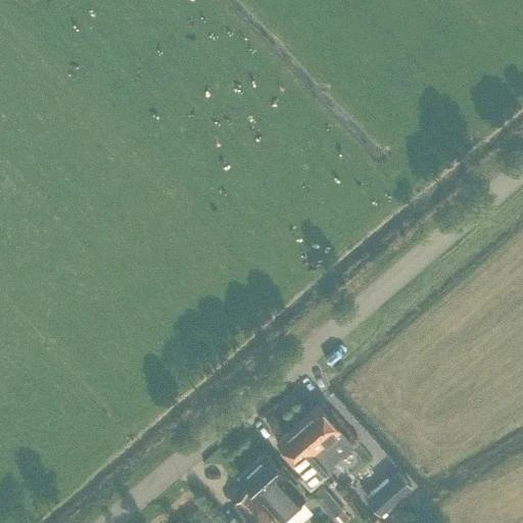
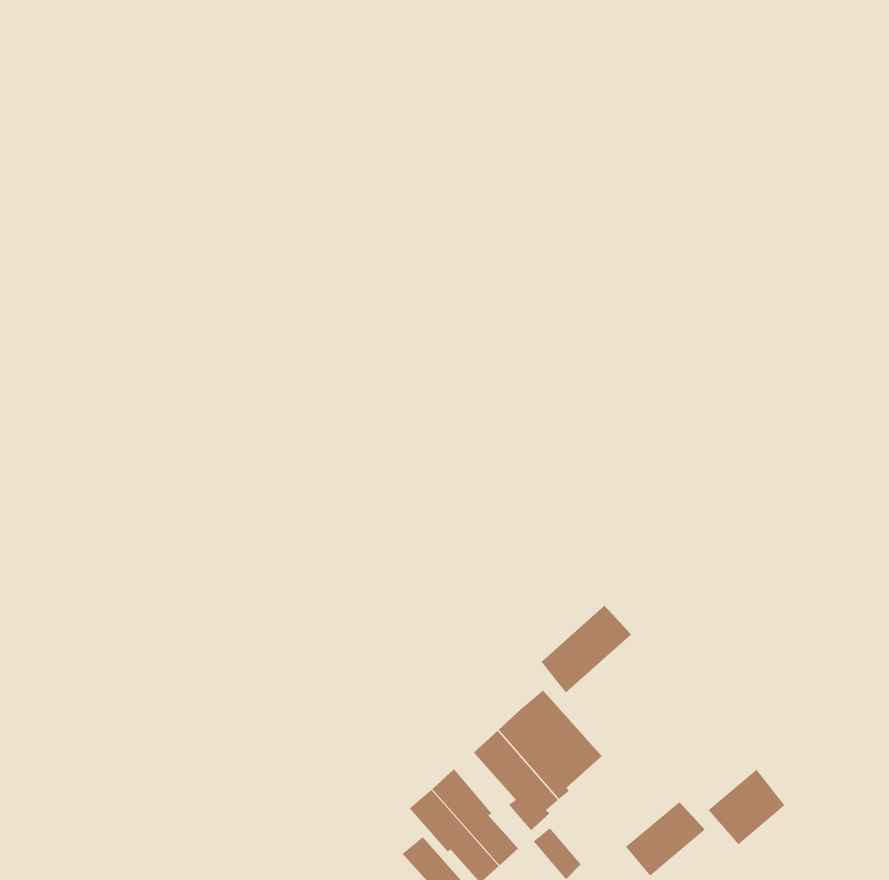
building: none -> [541,605,632,693]
building: none -> [708,769,785,845]

